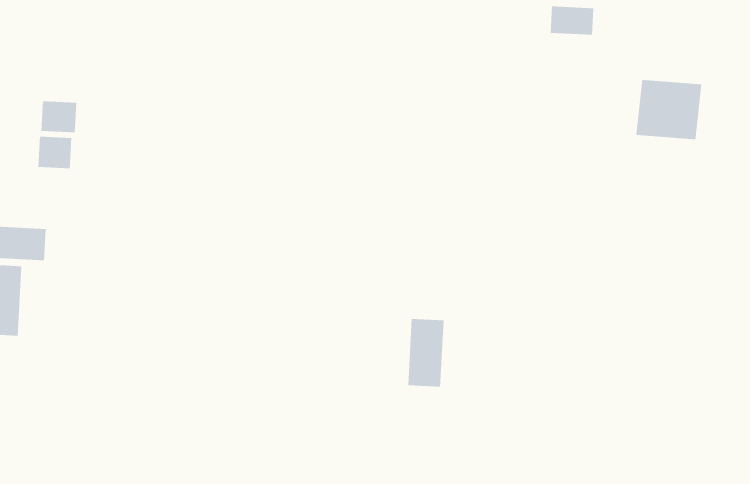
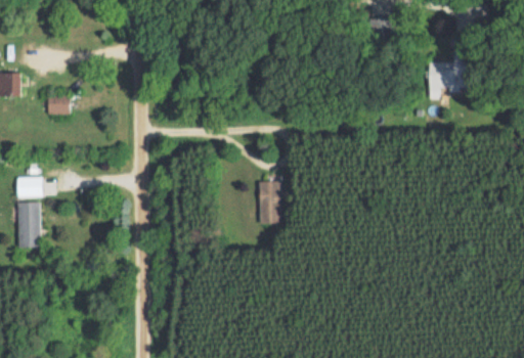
building: [38,136,72,169] -> none
building: [407,318,444,387] -> [259,181,280,224]

